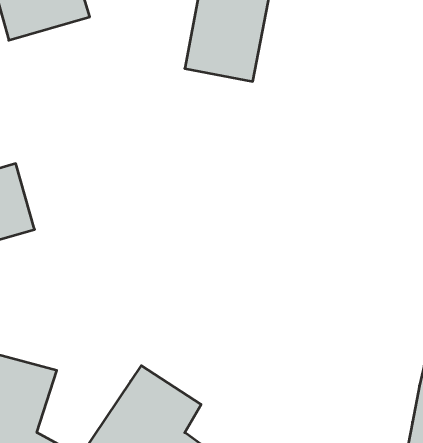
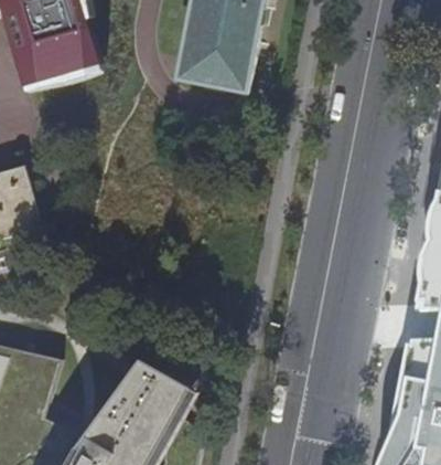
building: none -> [15,29,101,86]

